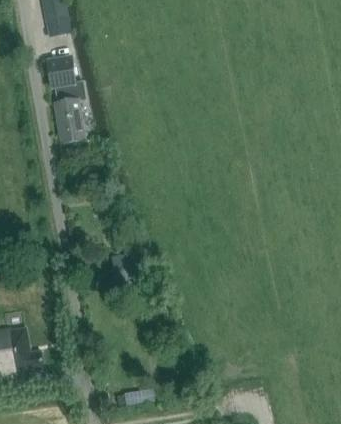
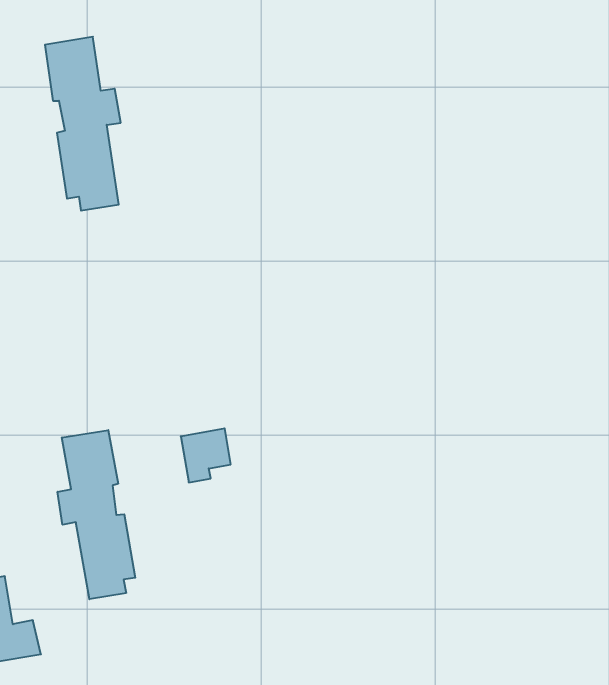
building: none -> [58,430,135,599]

